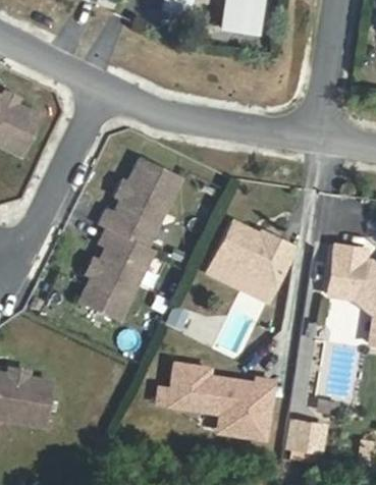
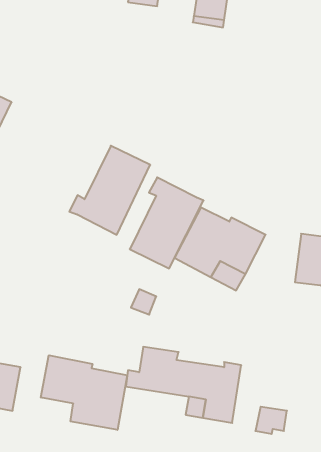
building: [80,228,155,320] -> [130,177,204,268]
building: none -> [41,355,127,430]

